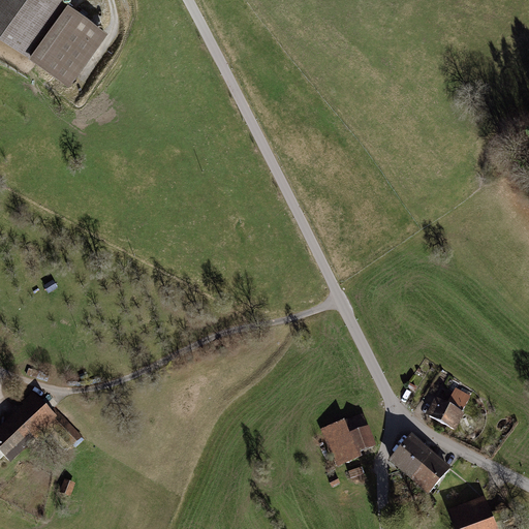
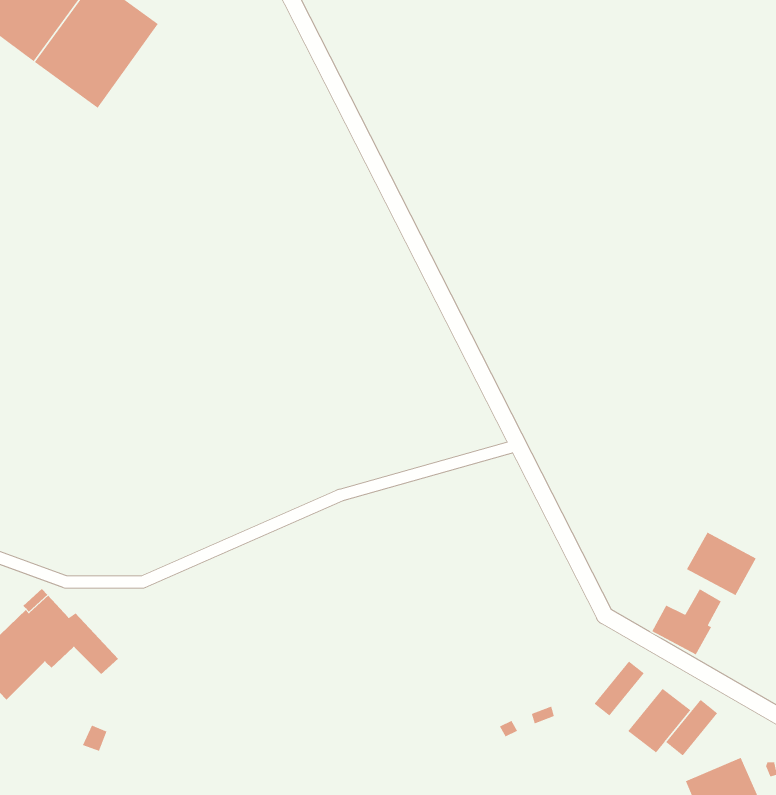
building: none -> [686,531,757,596]
building: [319,415,374,469] -> none
building: [398,444,432,481] -> [665,699,718,757]

